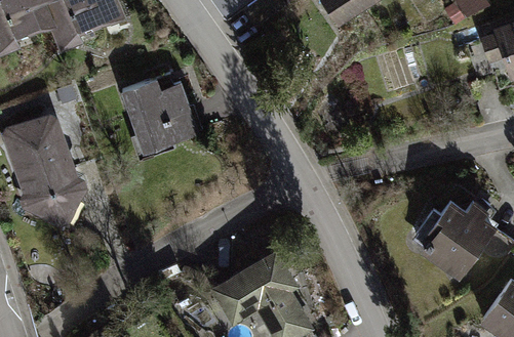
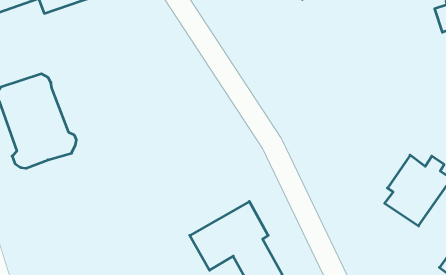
building: [118,79,195,159] -> none

